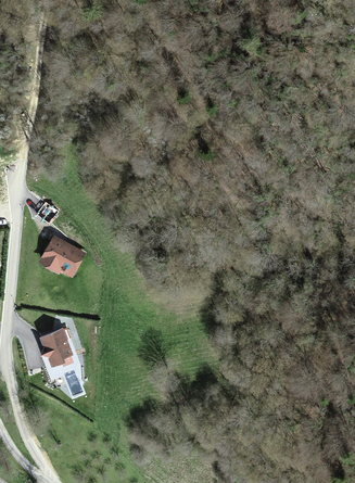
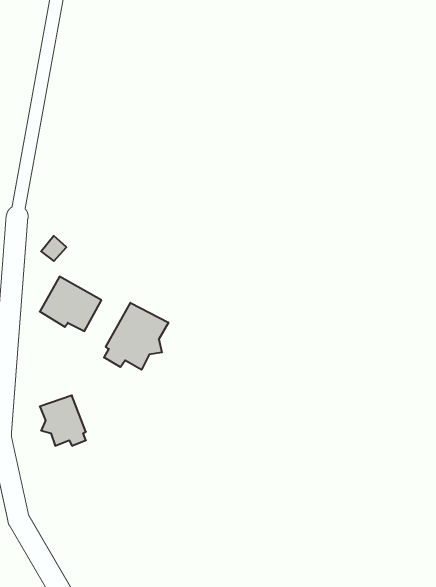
building: none -> [104,303,168,370]

